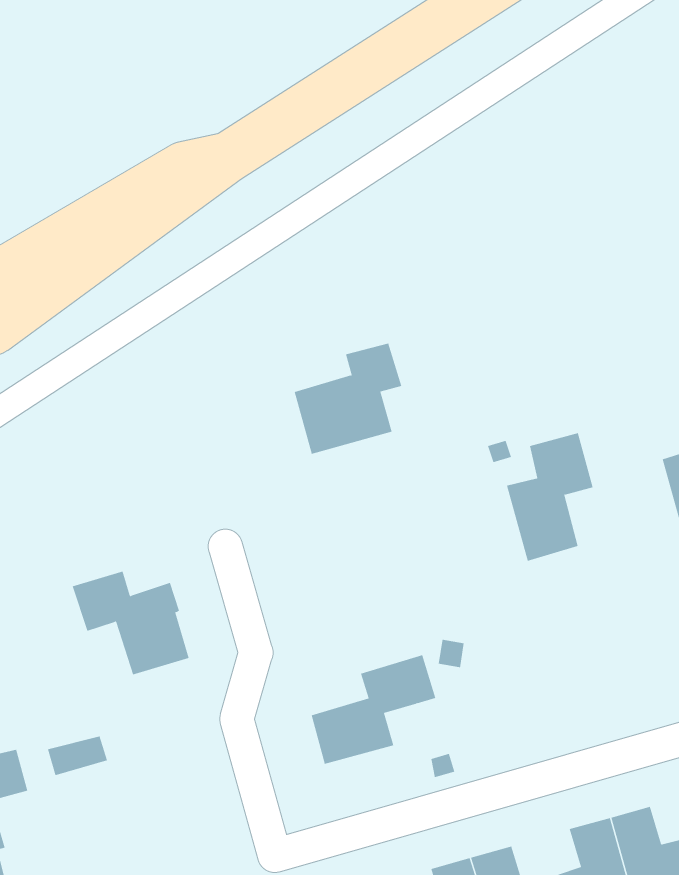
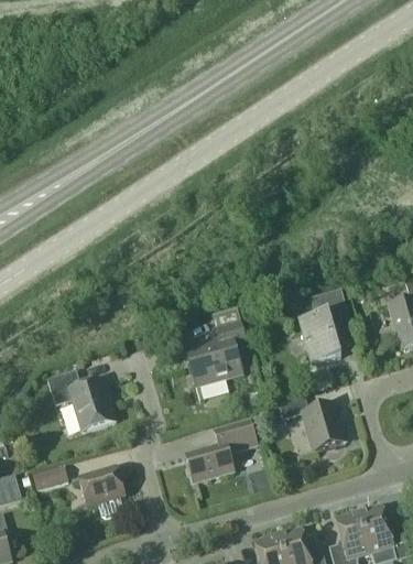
building: [294,343,402,455] -> [185,322,248,387]
building: none -> [278,398,345,451]
building: none -> [78,466,124,517]

